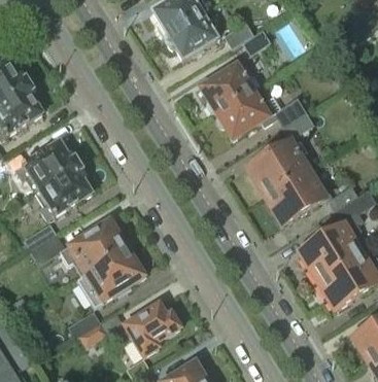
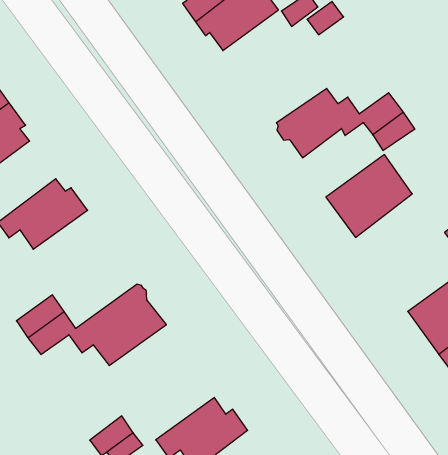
building: [201,60,253,112] -> none
building: [39,164,91,218] -> none
building: [266,169,325,224] -> none
building: [87,248,144,306] -> none

